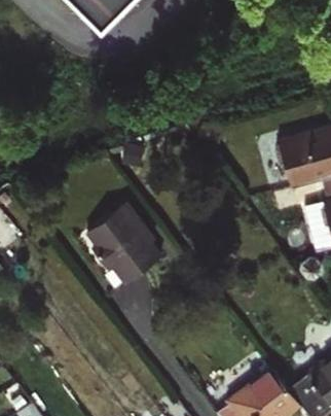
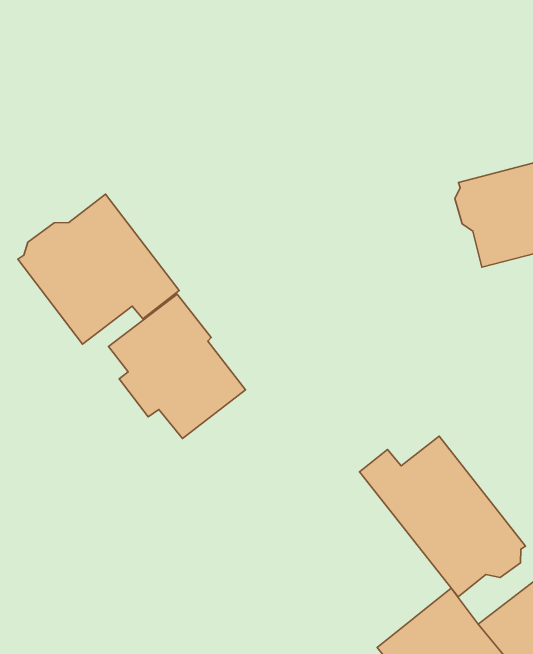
building: none -> [18,194,179,344]
building: none -> [360,436,526,597]

